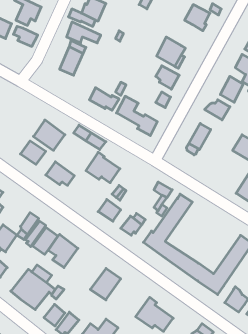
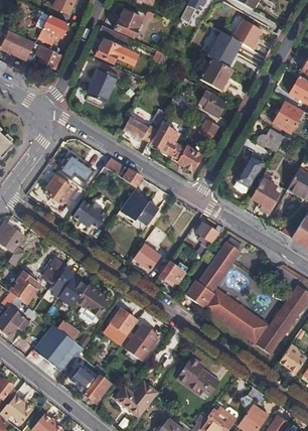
building: none -> [207,31,242,66]
building: none -> [253,174,280,213]
building: none -> [106,309,136,342]

